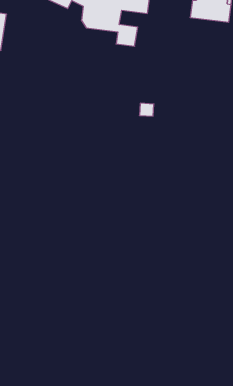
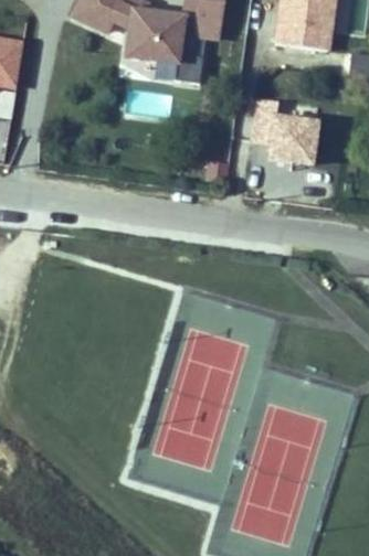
building: none -> [252,100,317,164]

